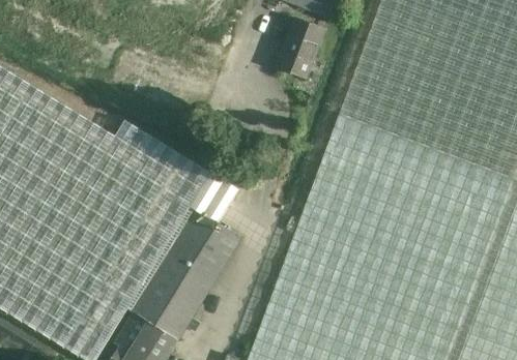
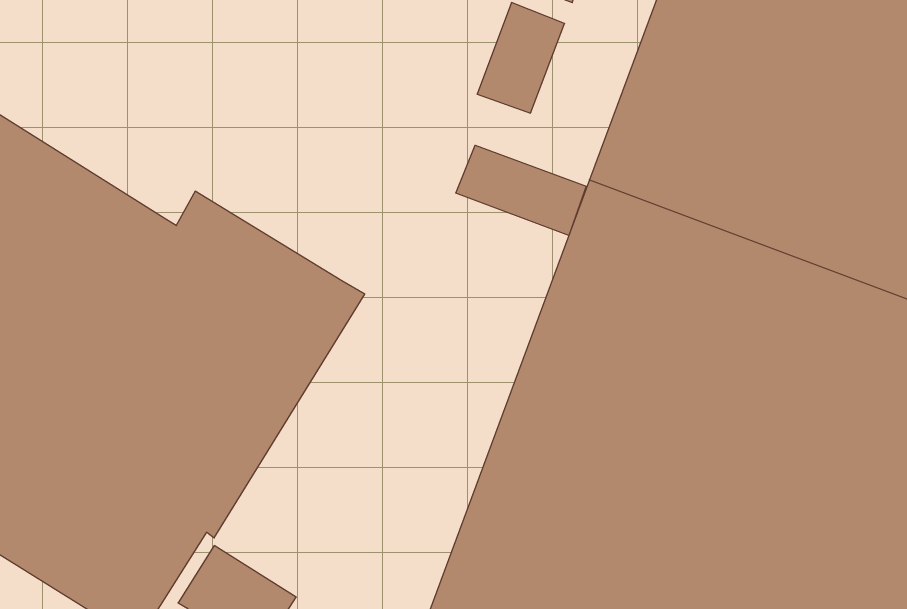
building: none -> [456,145,586,235]
building: [133,177,242,342] -> none

